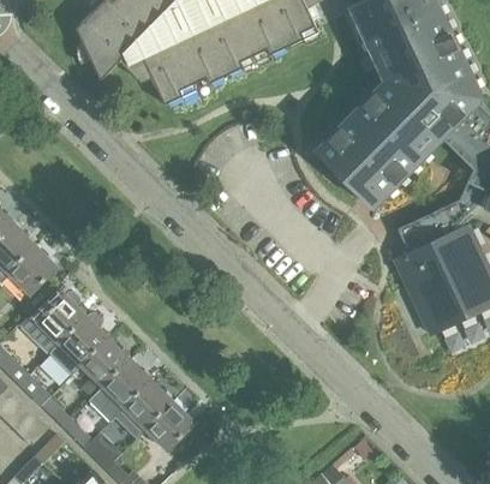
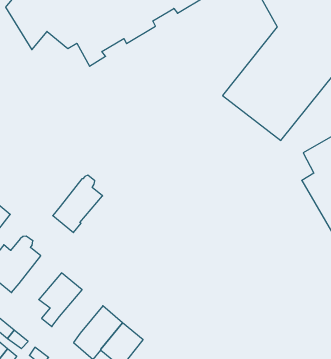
building: [50,312,109,376] -> [53,175,103,233]
building: [88,359,153,423] -> none

